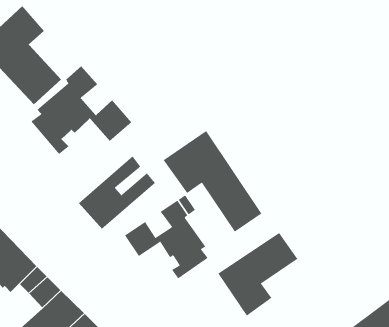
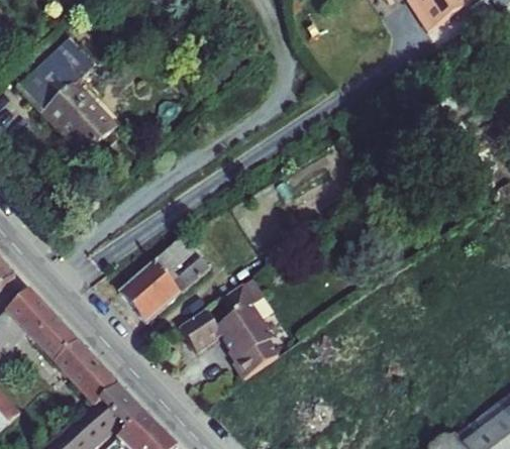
building: [30,65,132,155] -> none
building: [163,130,262,233] -> none
building: [218,232,298,317] -> none

